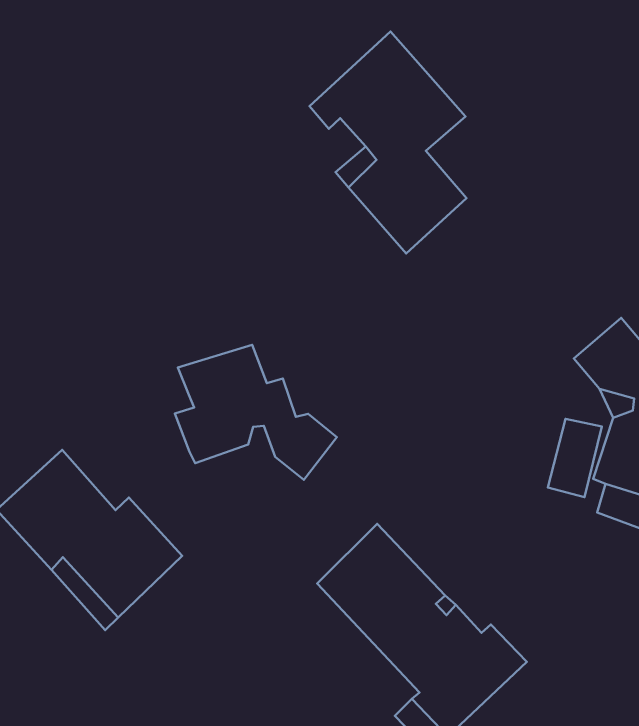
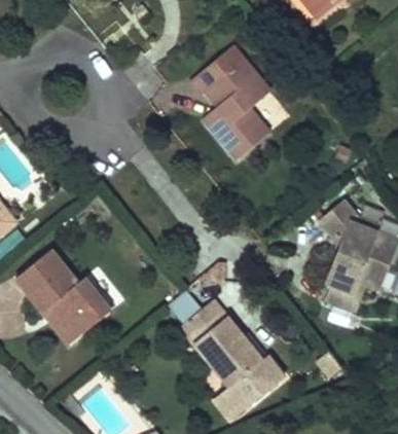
building: [175,345,337,480] -> none

